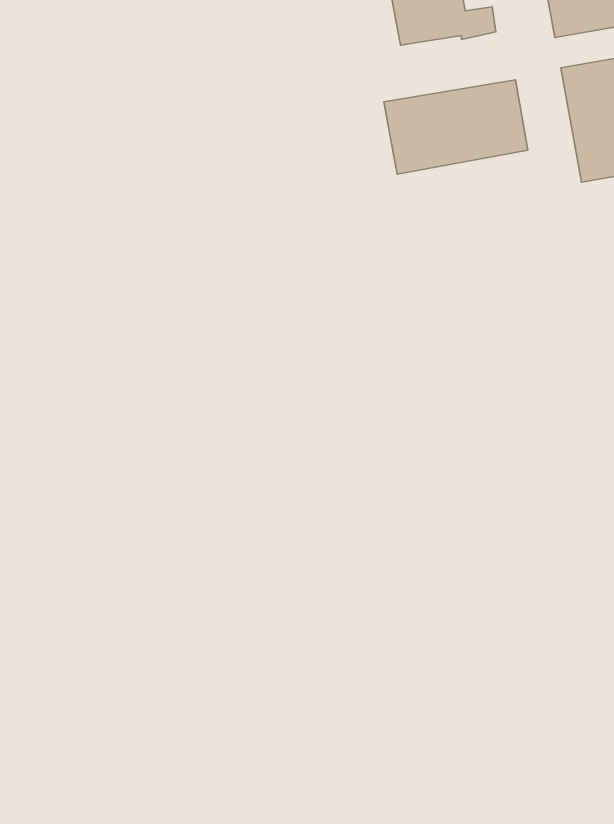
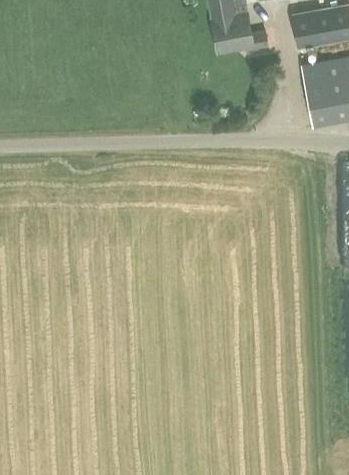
building: [384,80,528,174] -> none

